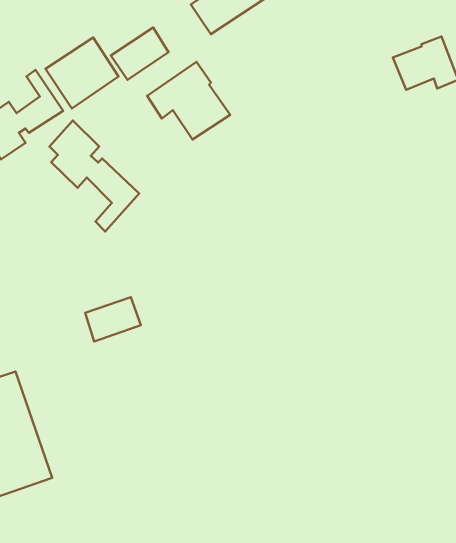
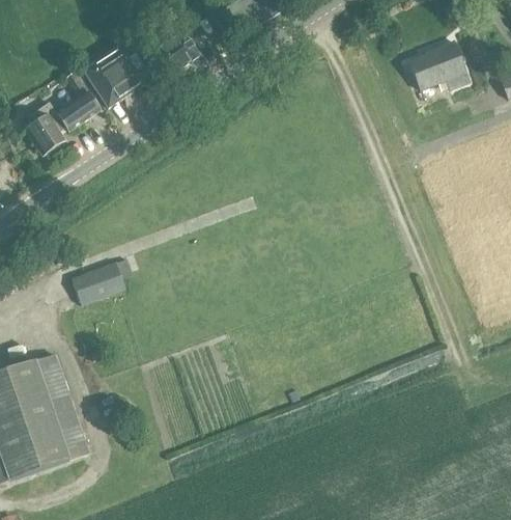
building: [147,62,230,139] -> none
building: [50,121,139,232] -> none
building: [85,297,141,342] -> [72,263,123,304]

